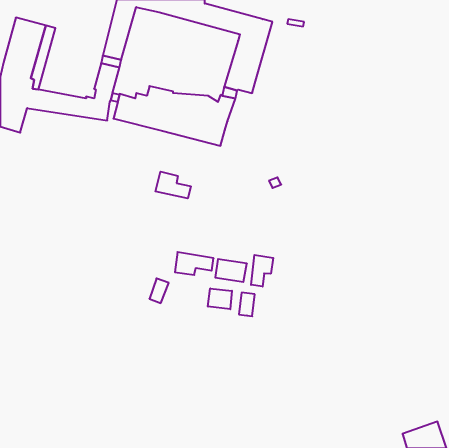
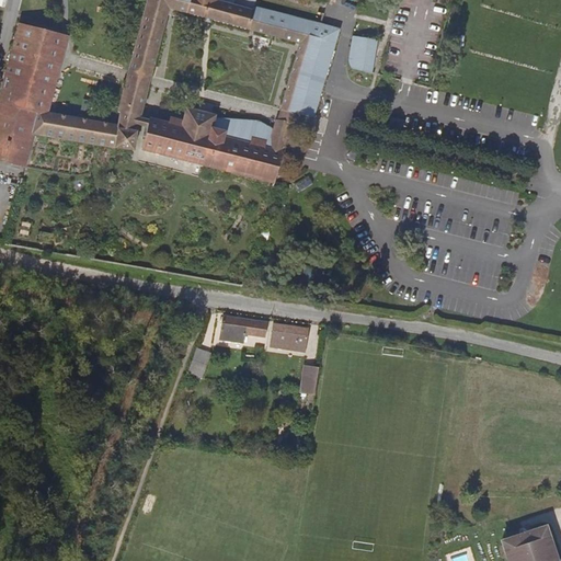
building: none -> [348,34,377,72]
building: [155,172,191,198] -> none
building: [251,255,273,287] -> none
building: [208,288,232,309] -> none

